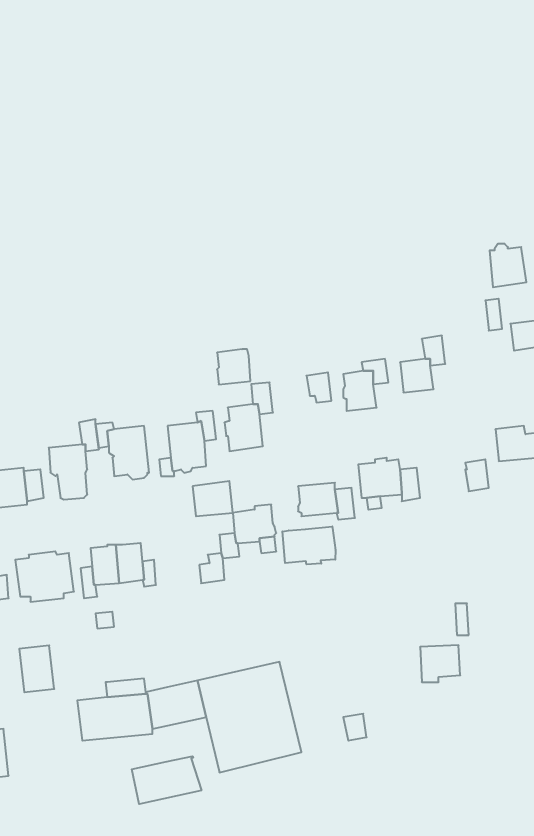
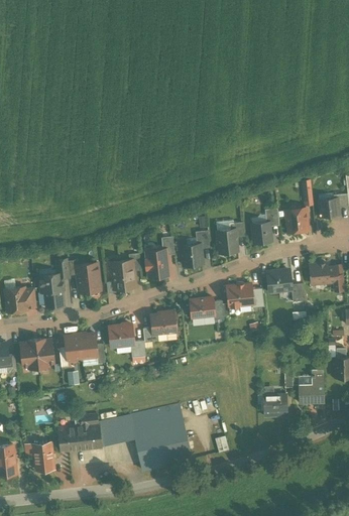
building: [490,244,526,287] -> [285,206,308,232]
building: [217,349,250,384] -> [182,244,202,265]
building: none -> [266,269,292,291]
building: [193,481,233,516] -> [109,324,133,345]
building: [282,526,335,564] -> none
building: none -> [298,375,324,403]
building: [19,645,54,692] -> [32,442,53,471]
building: [132,756,201,804] -> none

